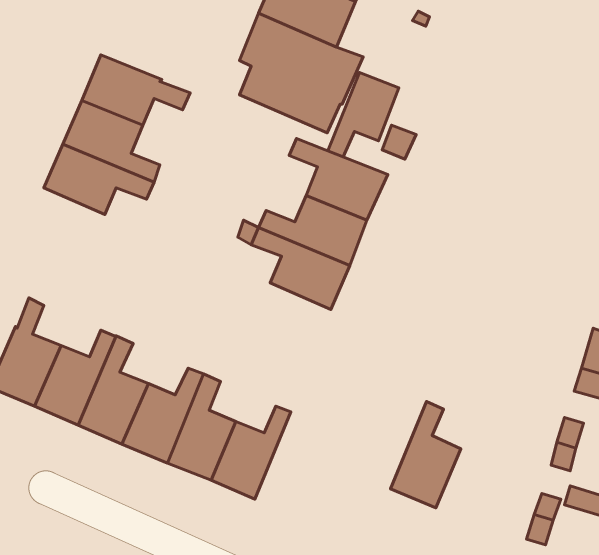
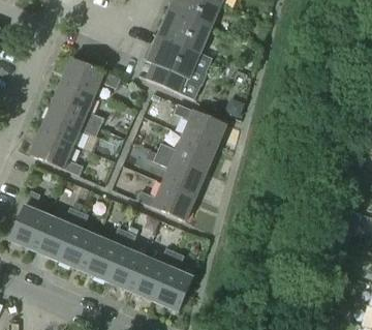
building: [328,73,399,157] -> none
building: none -> [31,129,84,174]
building: none -> [138,181,197,220]
building: [390,401,461,508] -> [156,251,194,309]

